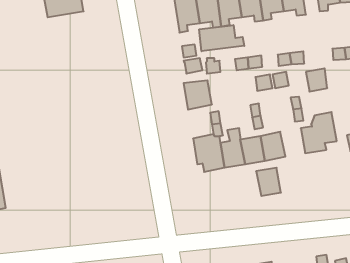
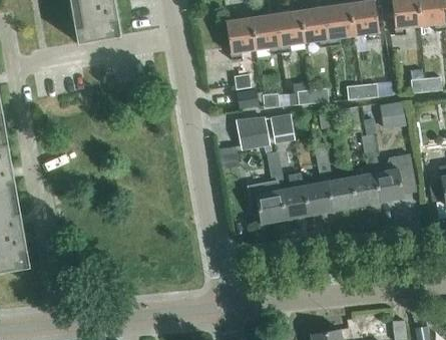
building: [199,25,244,51] -> none
building: none -> [271,113,296,143]
building: [256,168,281,196] -> [350,173,379,206]

